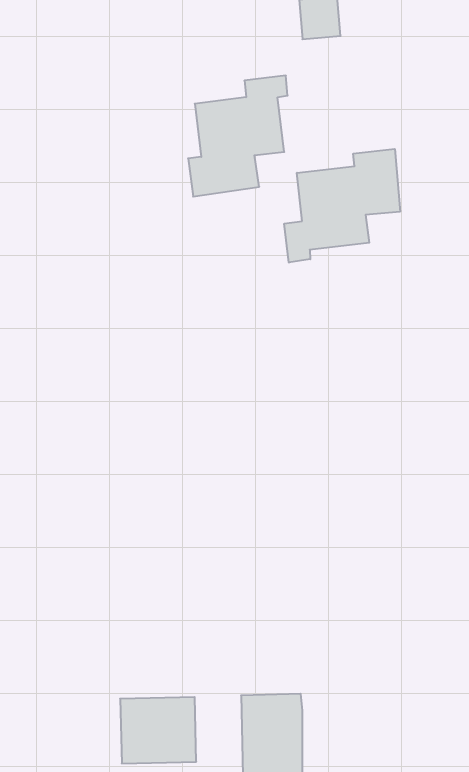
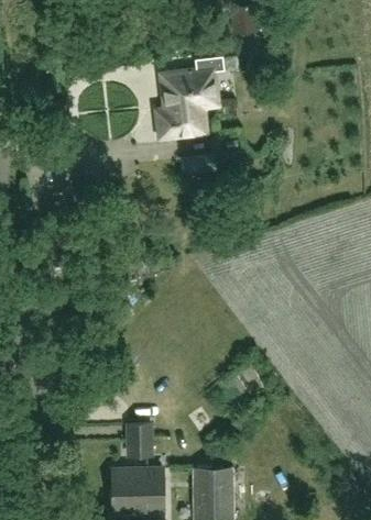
building: [284,149,400,263] -> none
building: none -> [128,424,151,456]

